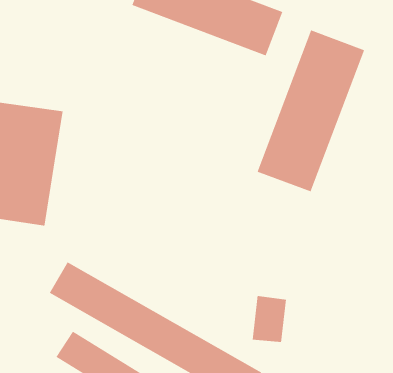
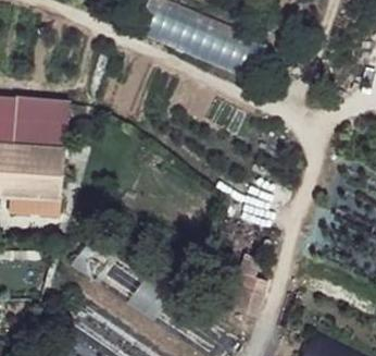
building: [257,29,365,192] -> none

